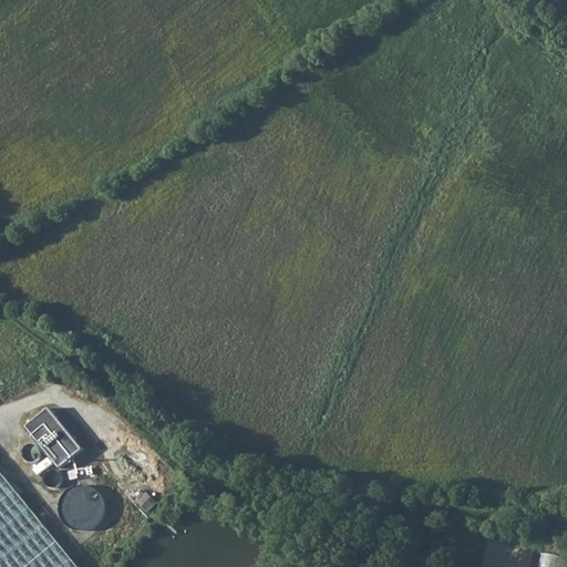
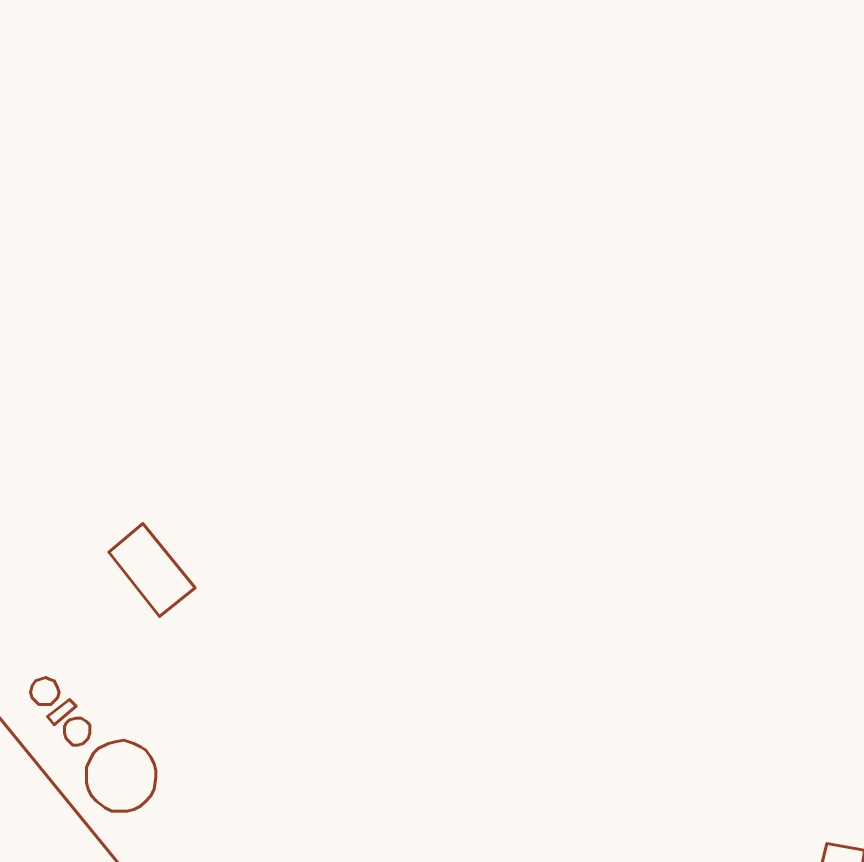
building: [25,409,82,470] -> [109,523,195,617]

